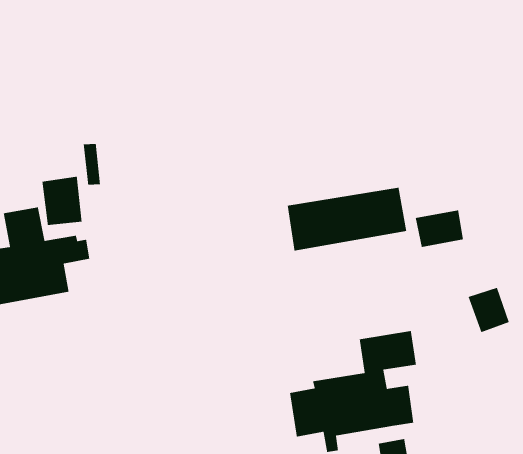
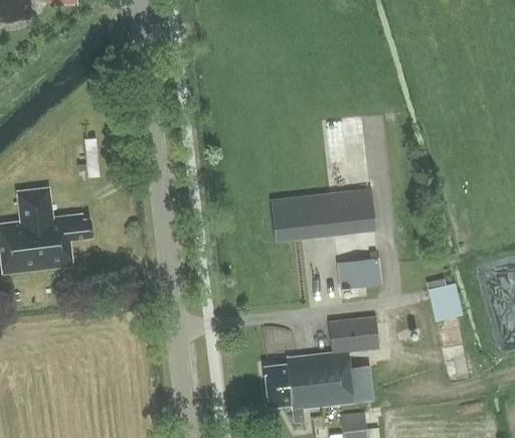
building: [41,176,82,226] -> none
building: [415,210,464,248] -> [338,256,380,288]

